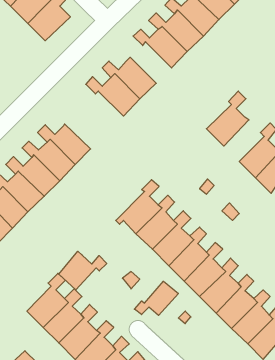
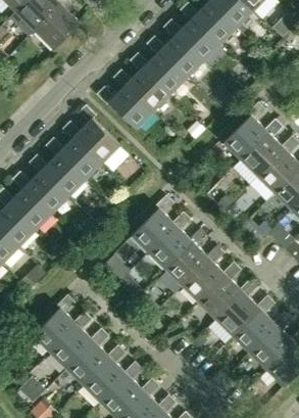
building: none -> [129,50,187,94]
building: none -> [62,106,119,164]
building: none -> [242,120,285,177]
building: [59,251,107,290] -> none
building: [134,281,178,315] -> none

